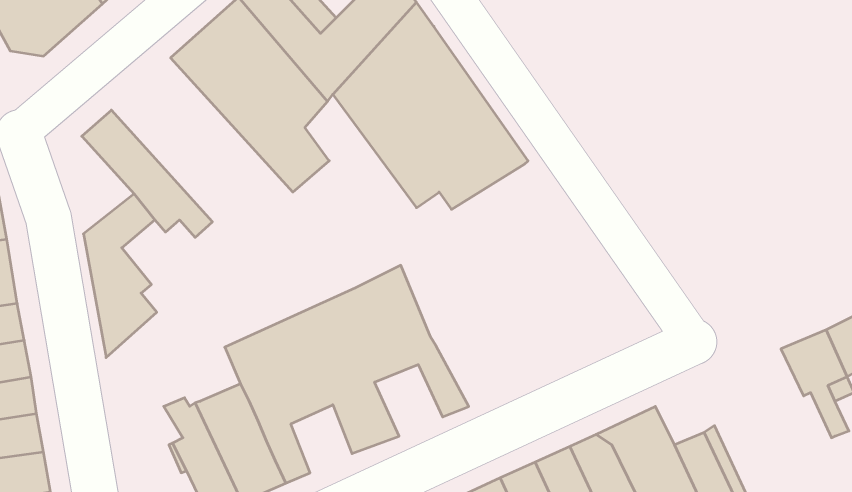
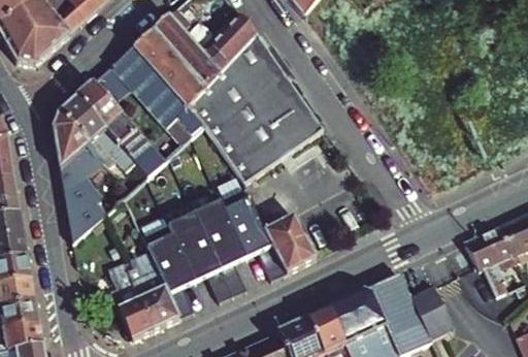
building: none -> [75,83,164,176]
building: none -> [190,88,276,177]
building: none -> [52,112,89,170]
building: none -> [264,209,326,272]

